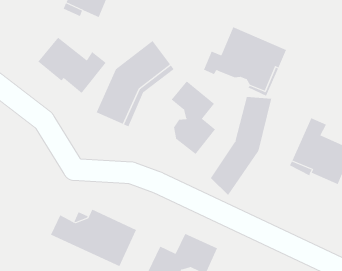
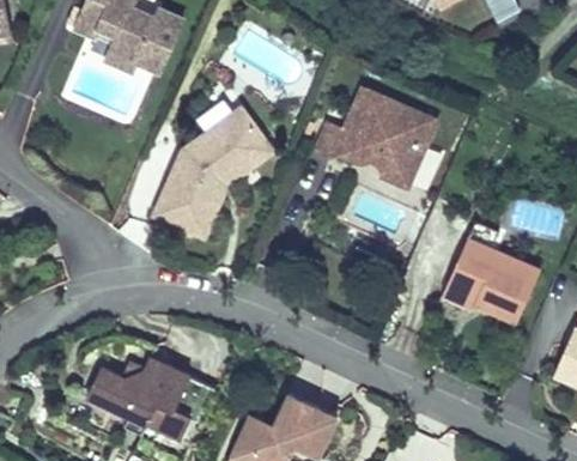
building: [37,37,107,94] -> none
building: [171,81,216,155] -> none
building: [210,96,272,196] -> none

